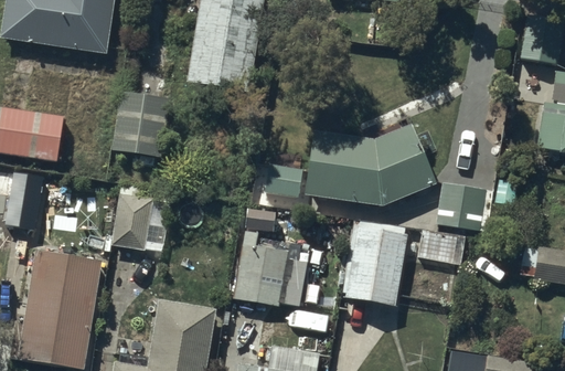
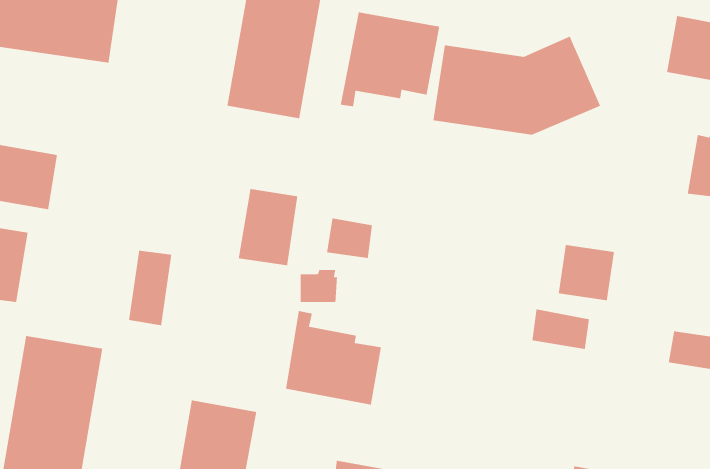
building: none -> [340,11,440,107]
building: [117,96,162,155] -> [238,188,298,266]
building: [307,127,434,202] -> [432,36,601,135]
building: [348,230,406,304] -> none

